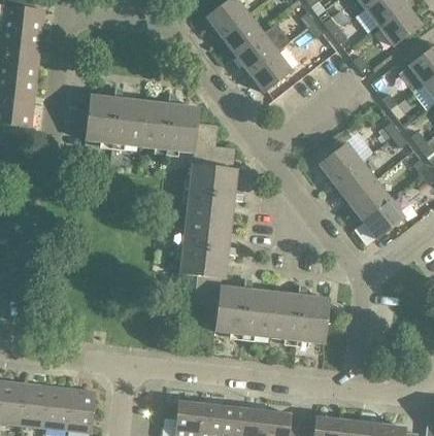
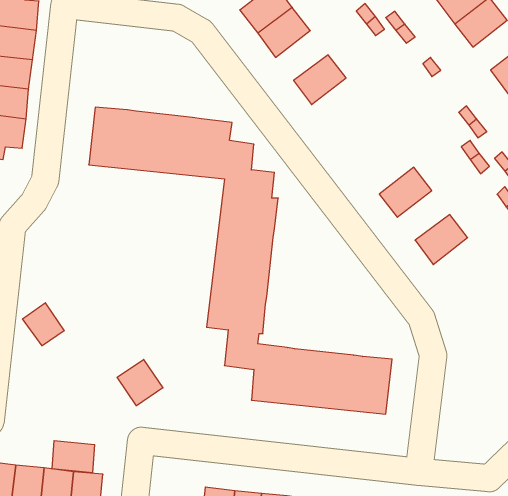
building: [234,32,276,72] -> none
building: [332,161,374,201] -> none
building: [361,199,403,239] -> none
building: none -> [23,303,64,346]
building: none -> [117,359,163,406]
building: none -> [52,441,95,473]

